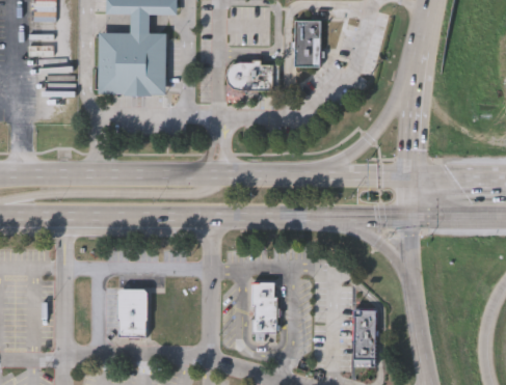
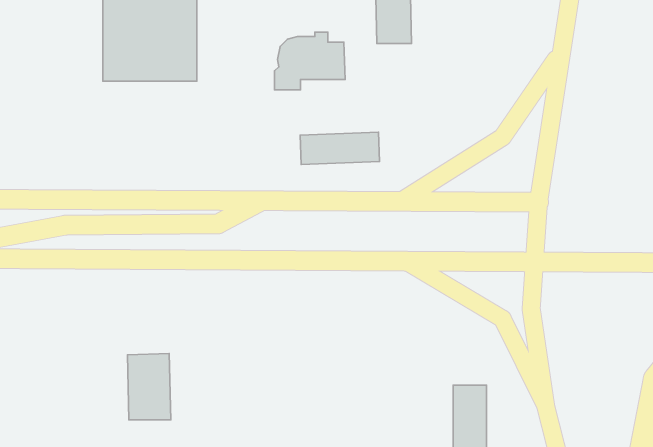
building: none -> [300,132,379,165]
building: [251,282,276,333] -> none

